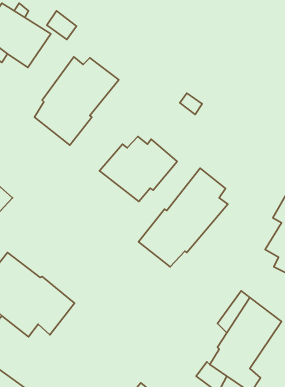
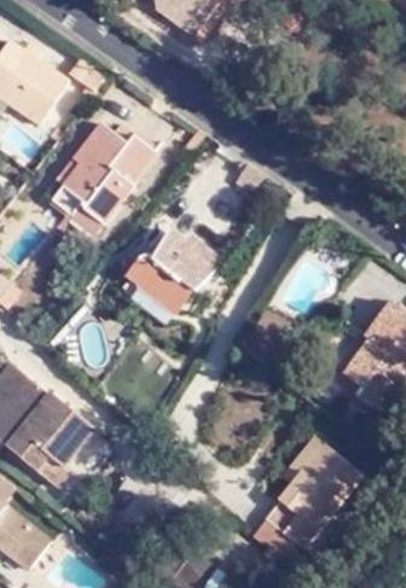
building: [138,168,228,267] -> none

